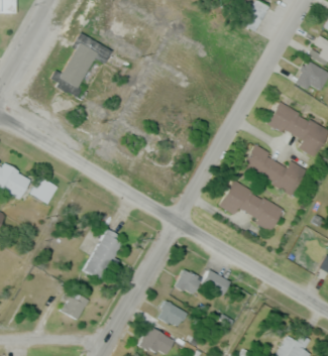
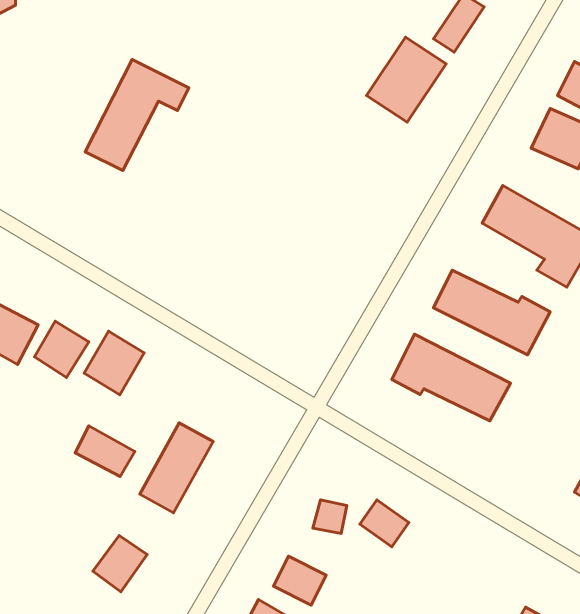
building: none -> [367,37,446,122]
building: none -> [84,331,144,395]
building: none -> [75,426,135,476]

